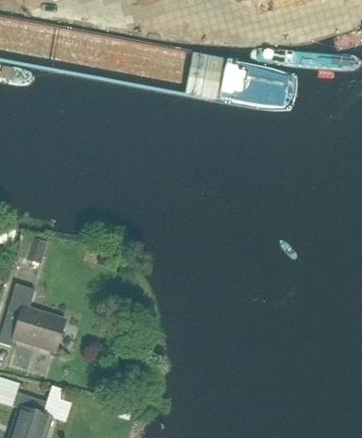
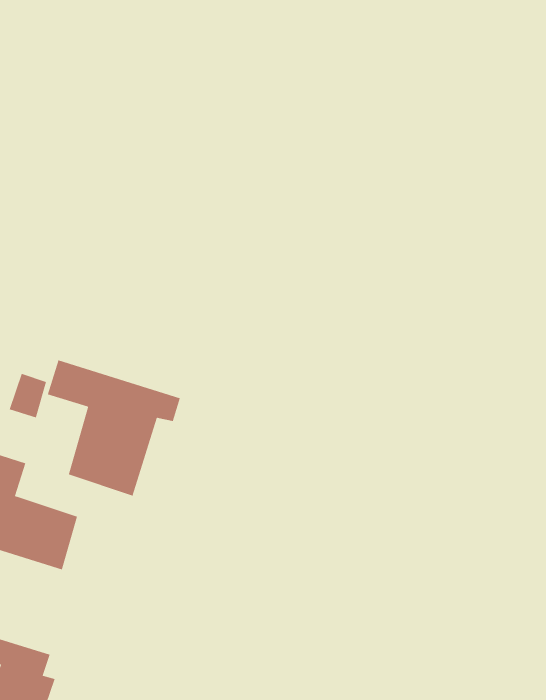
building: none -> [47,359,181,496]

